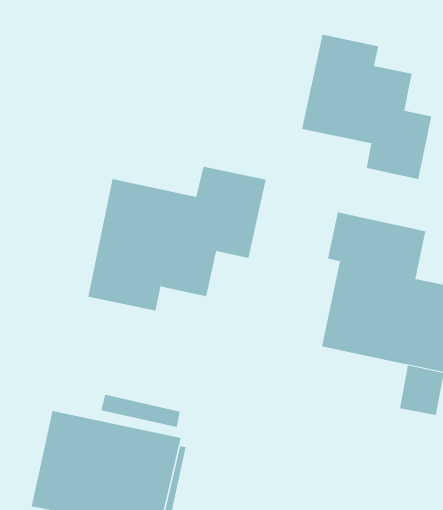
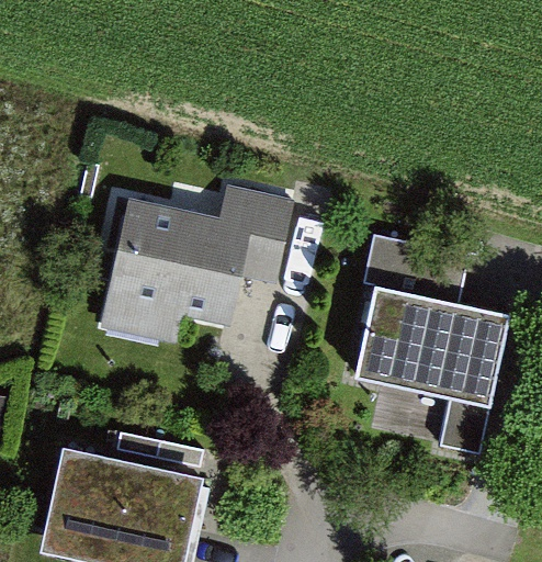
building: [301,34,432,180] -> none

